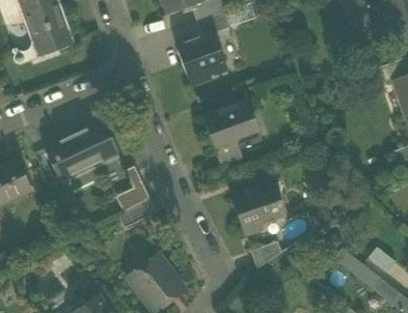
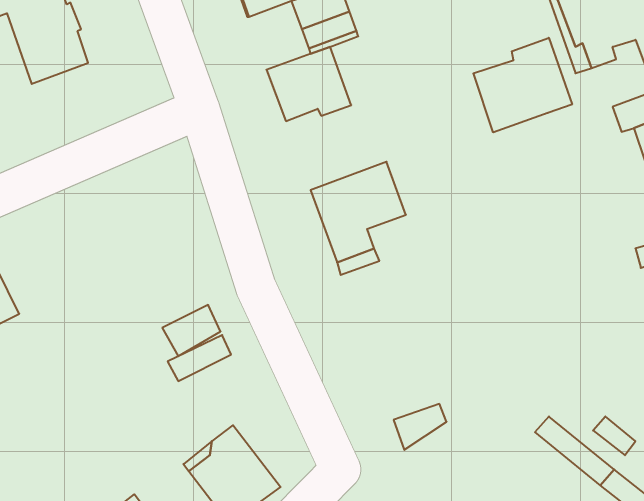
building: none -> [473,38,572,132]
building: [45,121,118,180] -> none
building: [230,179,285,234] -> none

